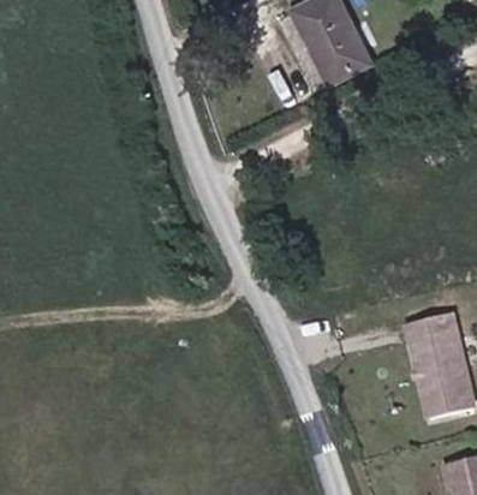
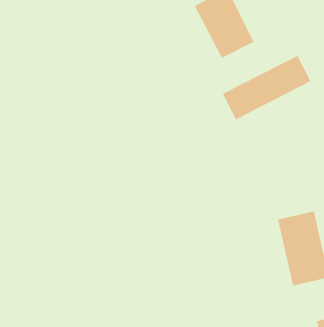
building: none -> [222,55,311,121]

